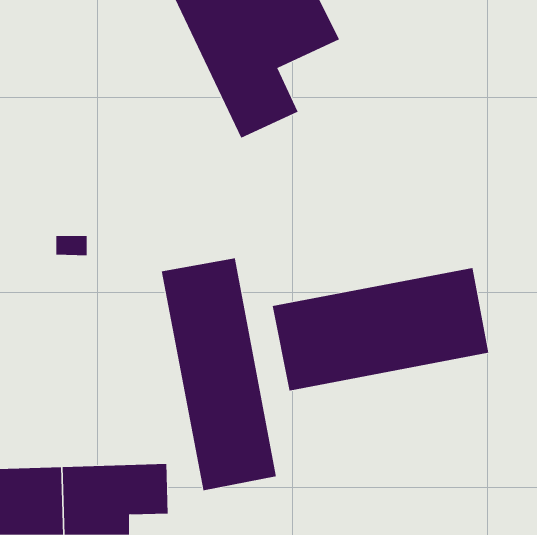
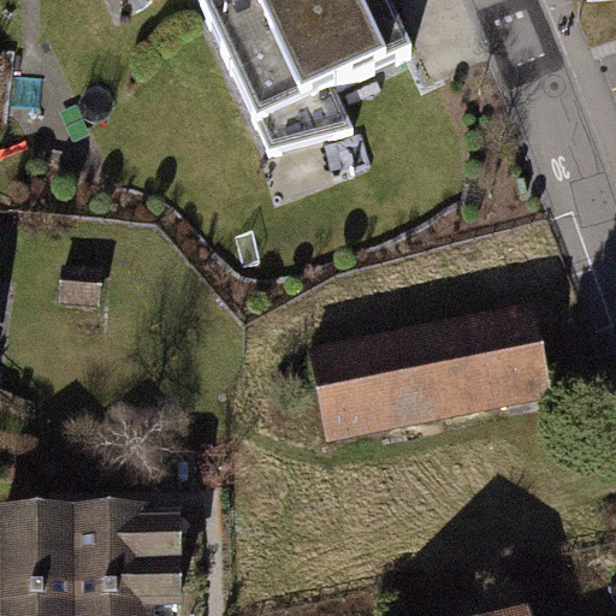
building: [161,258,277,491] -> none

